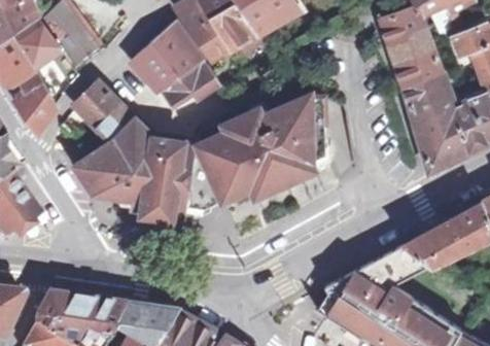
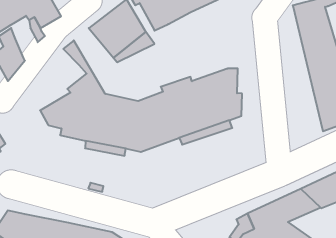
building: [75,80,132,138] -> none

